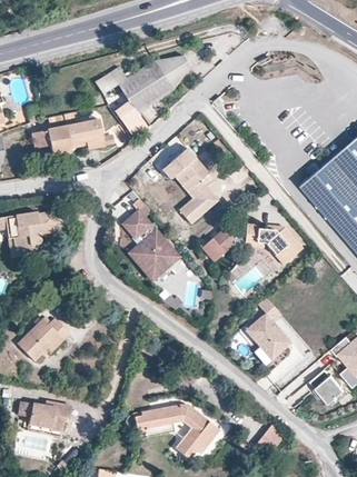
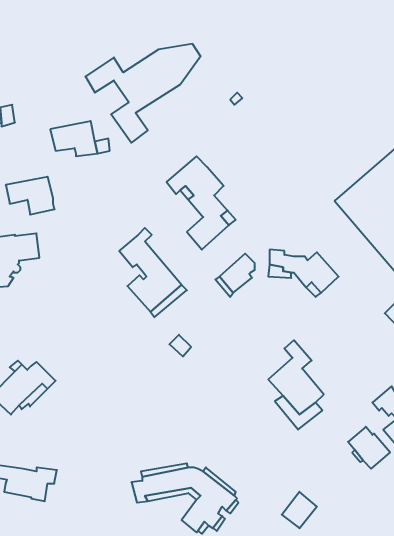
building: [31,126,71,157] -> [6,177,55,215]

